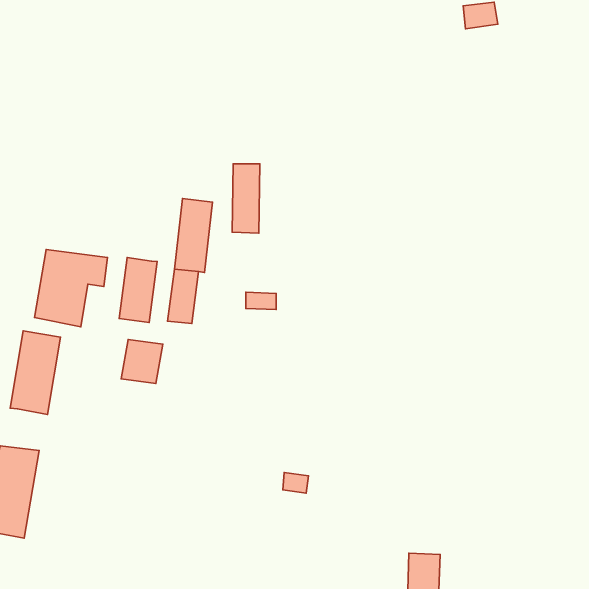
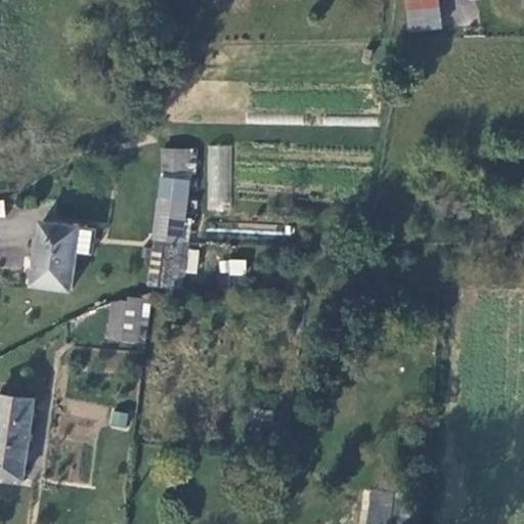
building: none -> [162,142,192,180]
building: [119,257,157,323] -> none
building: [10,331,61,414] -> none

